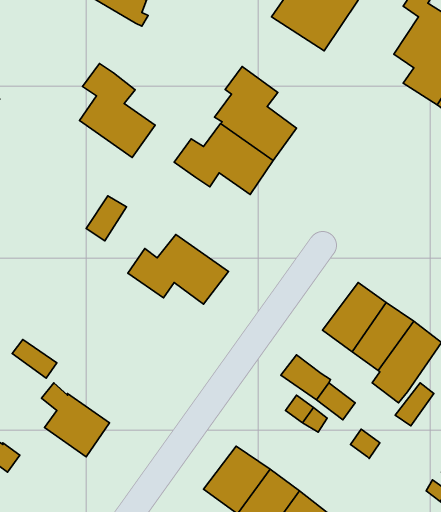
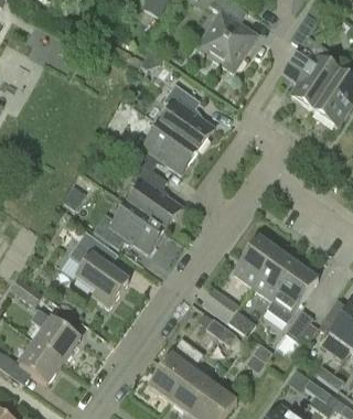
building: [79,63,155,158] -> [127,162,181,229]
building: none -> [68,229,128,308]
building: none -> [17,341,63,385]

